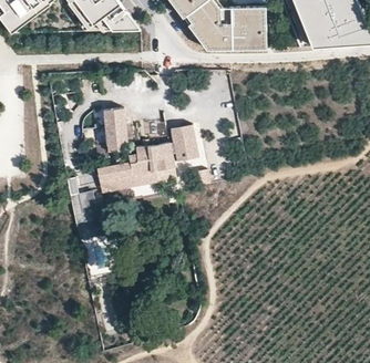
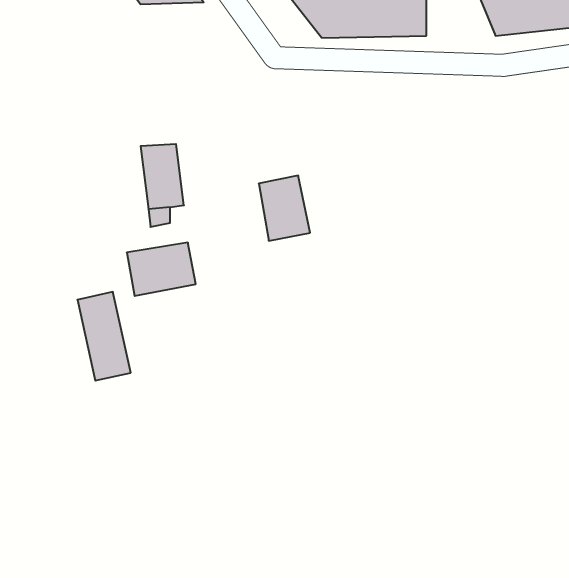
building: [131,146,176,187] -> none

